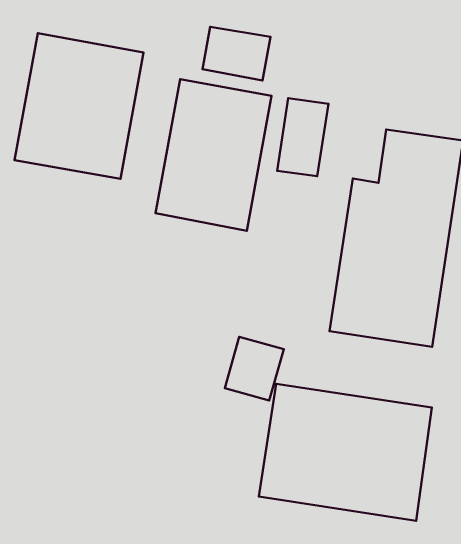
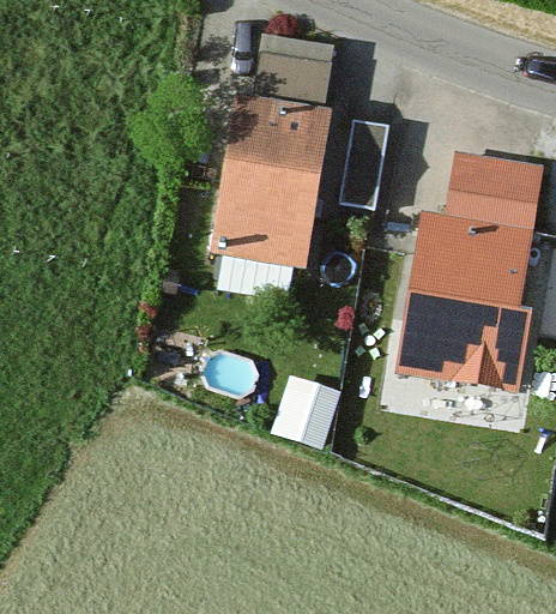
building: [14,33,144,179] -> none
building: [259,384,432,521] -> none

